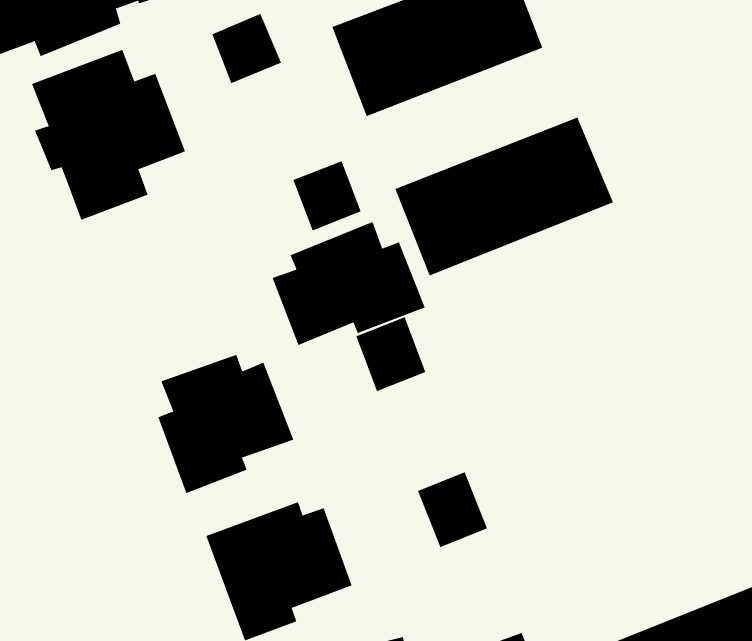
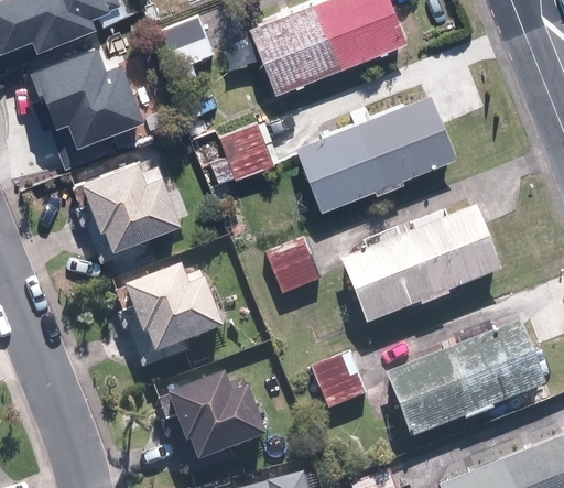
building: none -> [76,160,186,262]
building: [272,221,426,346] -> none
building: none -> [340,207,502,325]
building: none -> [386,322,545,438]

